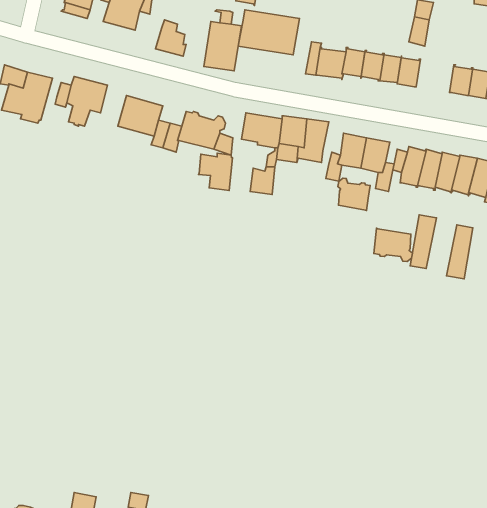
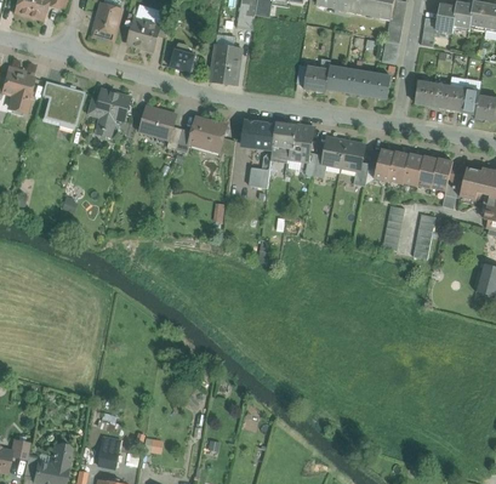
building: [238,10,300,55] -> none
building: [199,153,233,191] -> none
building: [338,178,370,211] -> none
building: [374,228,412,262] -> none

